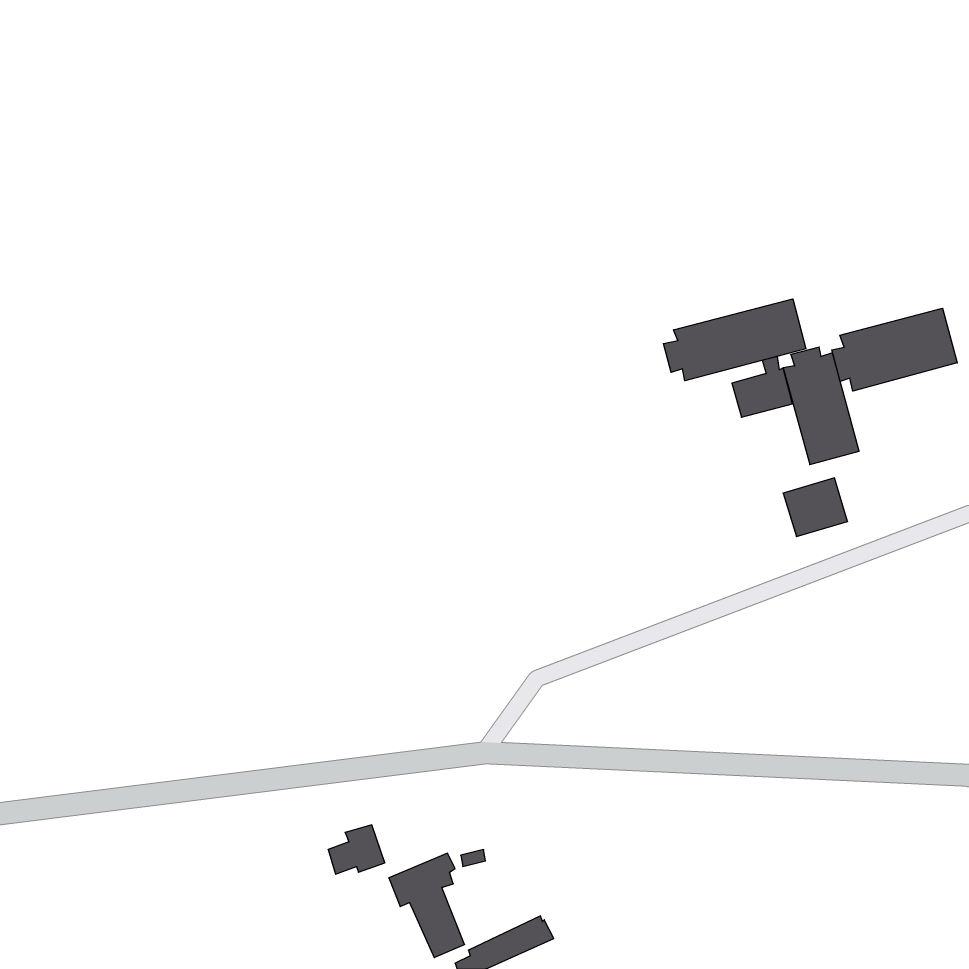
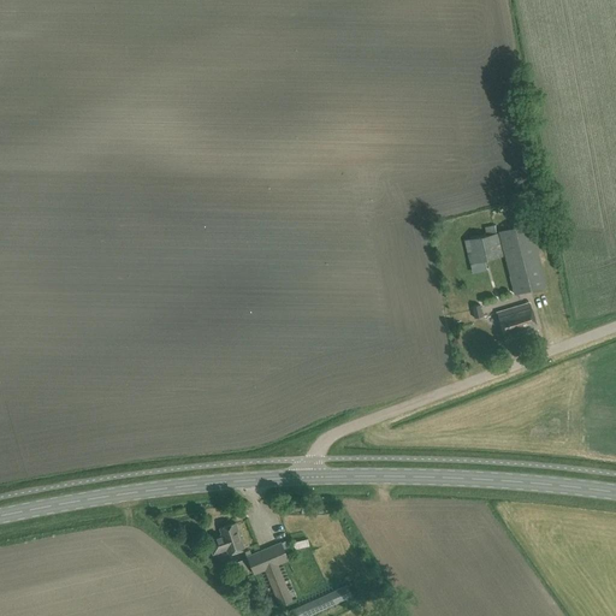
building: [663,299,806,381] -> none
building: [832,308,957,391] -> none

